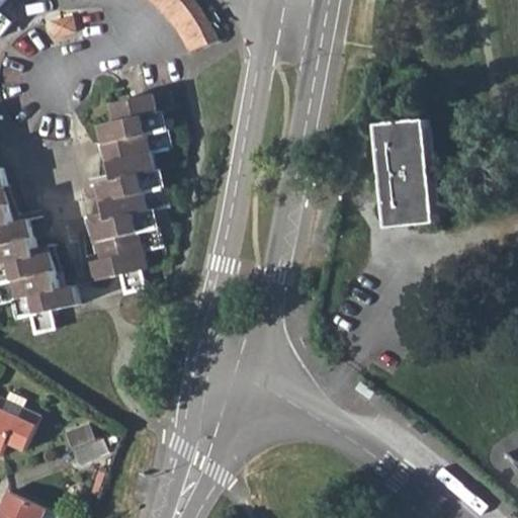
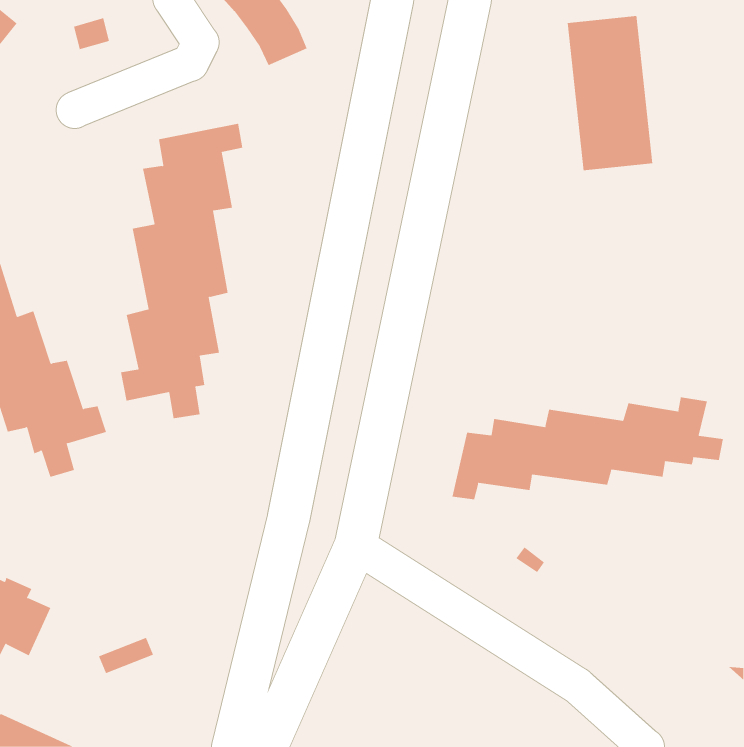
building: [376,122,436,230] -> [567,16,653,171]
building: none -> [452,397,723,500]

